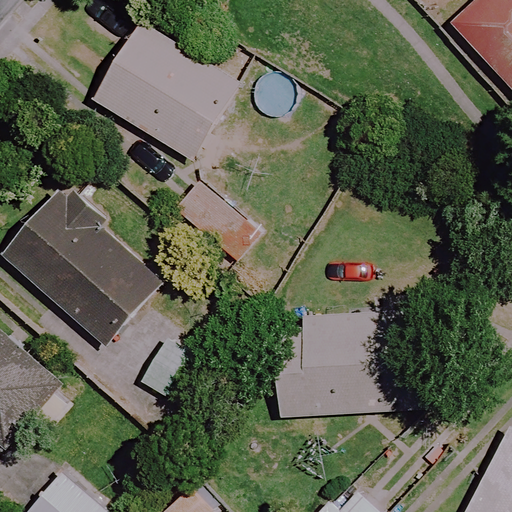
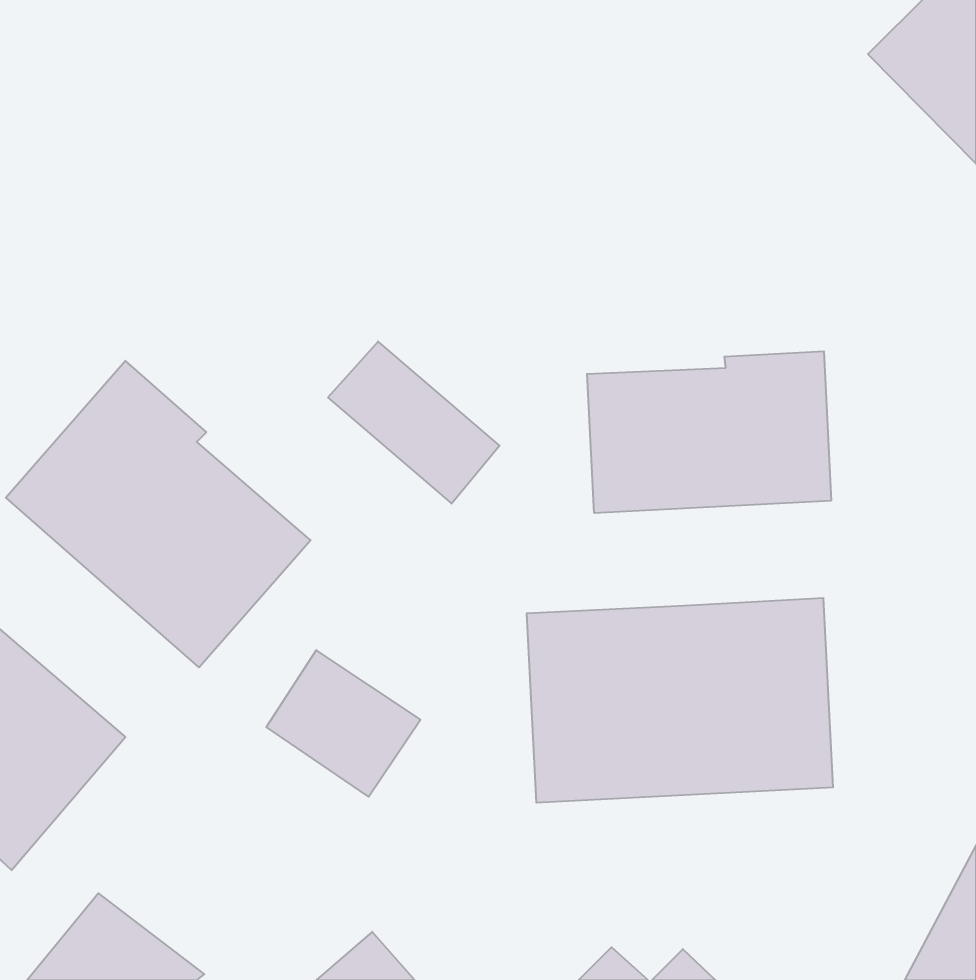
building: [93,23,237,159] -> none
building: none -> [587,351,831,513]

